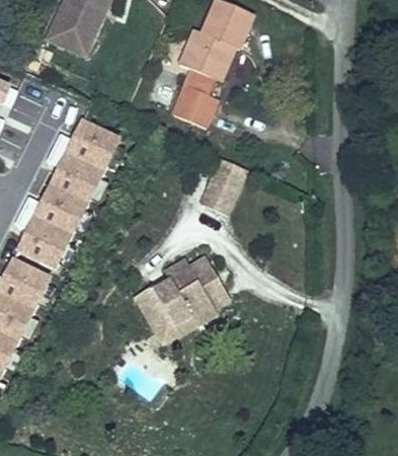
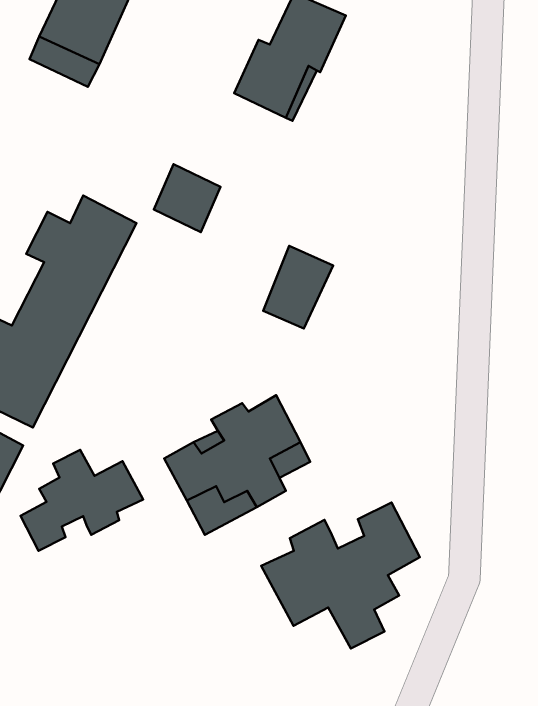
building: [170,83,212,126] -> [154,164,220,232]
building: none -> [21,450,143,551]
building: none -> [261,502,420,648]

